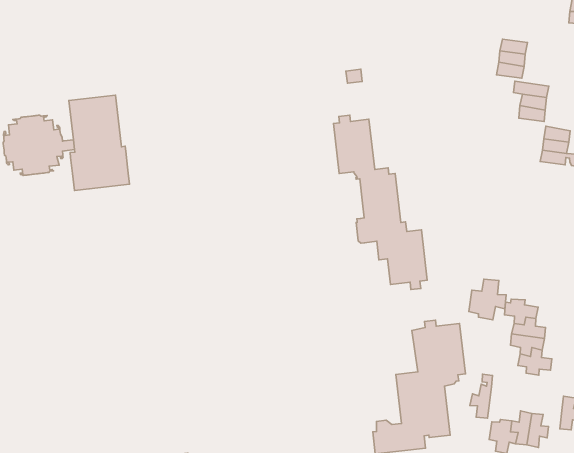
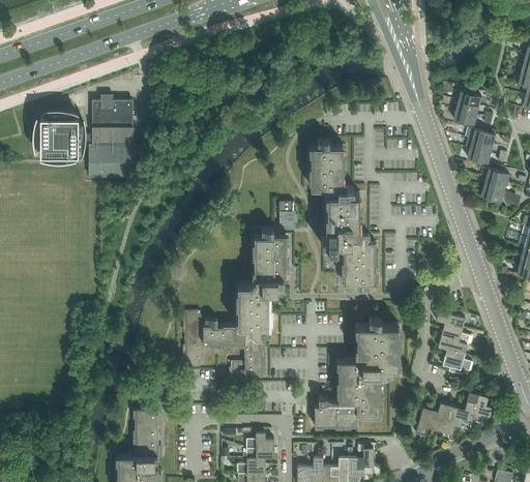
building: none -> [185,202,297,391]
building: [469,279,506,320] -> none
building: [470,374,493,418] -> [455,393,477,430]

